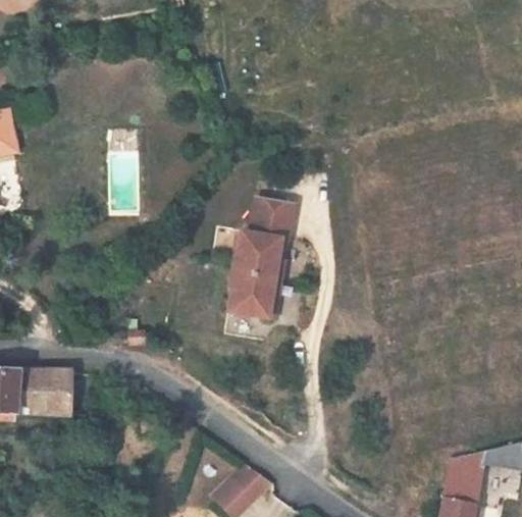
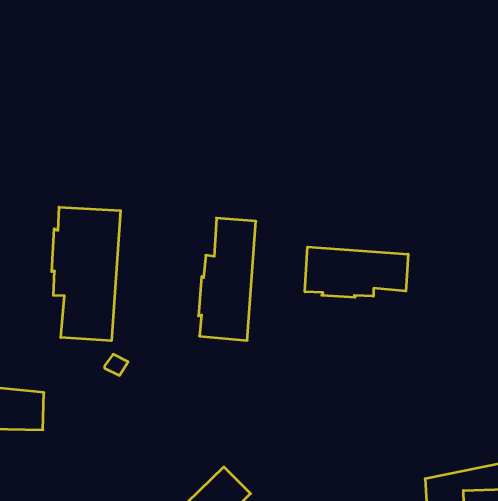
building: none -> [52,207,121,341]
building: none -> [305,247,408,297]

